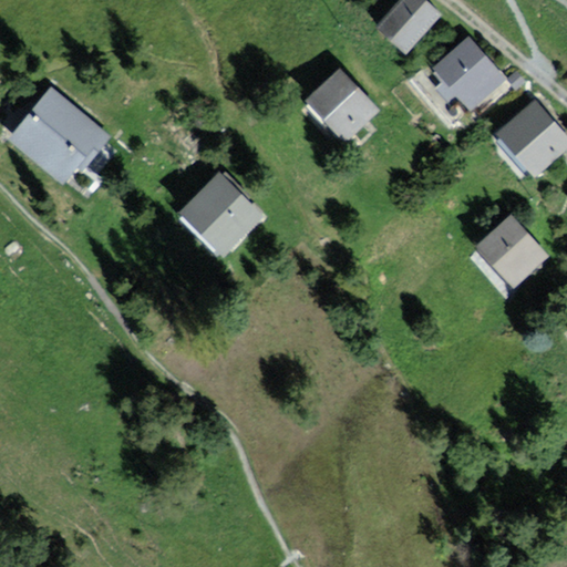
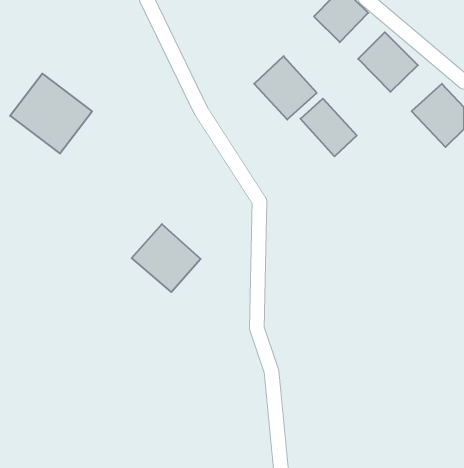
building: none -> [300,99,357,156]
building: [181,174,264,256] -> [132,224,201,292]
building: [466,215,548,297] -> none

